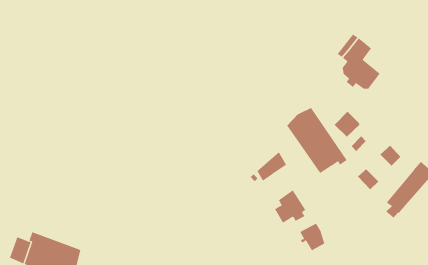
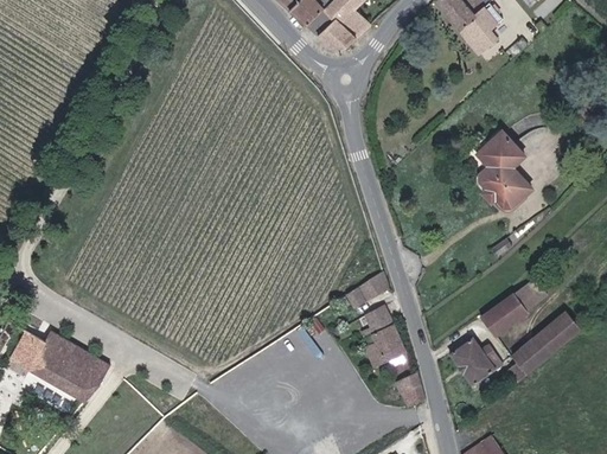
building: [287,107,348,174] -> none
building: [334,111,361,138] -> [492,295,526,330]
building: none -> [362,306,394,338]
building: none -> [448,338,501,385]

